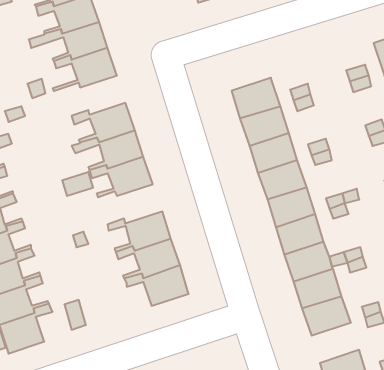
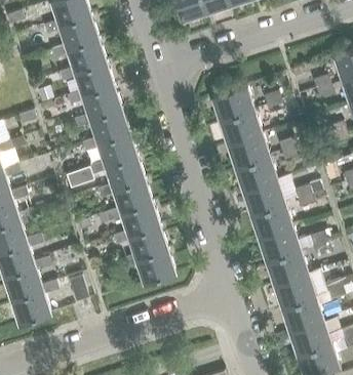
building: none -> [60,85,121,120]
building: none -> [97,178,153,213]
building: none -> [281,297,322,332]

